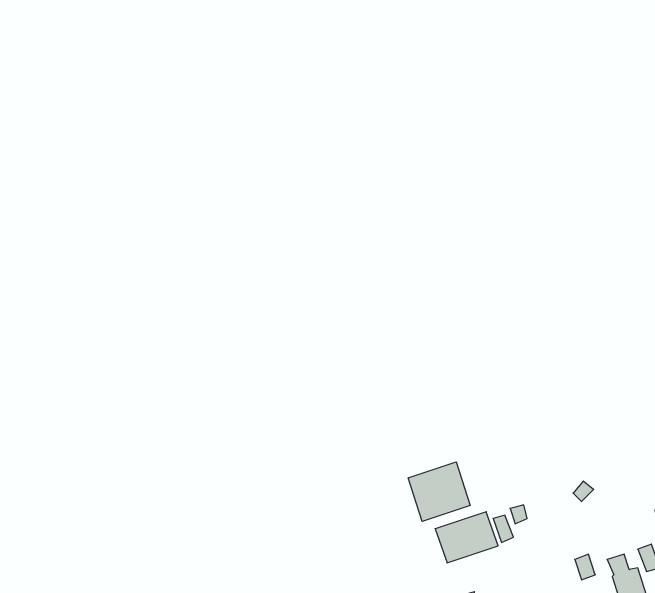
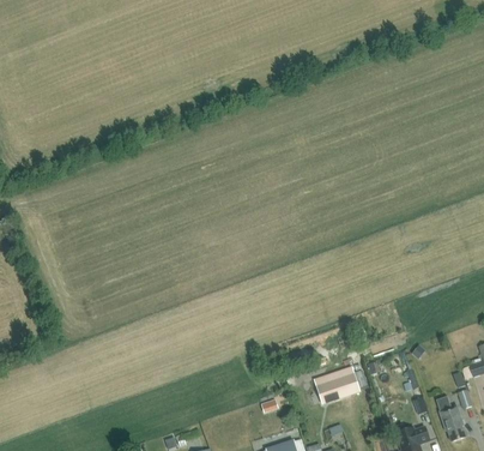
building: [408,462,470,521] -> none

